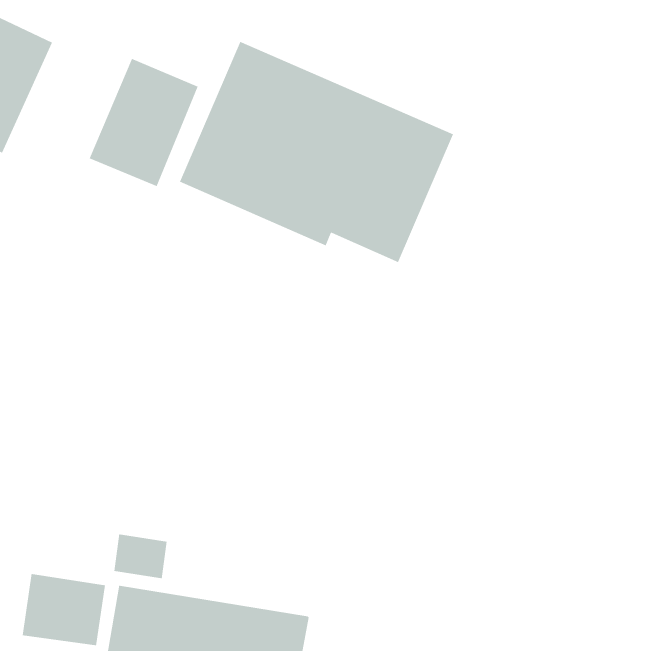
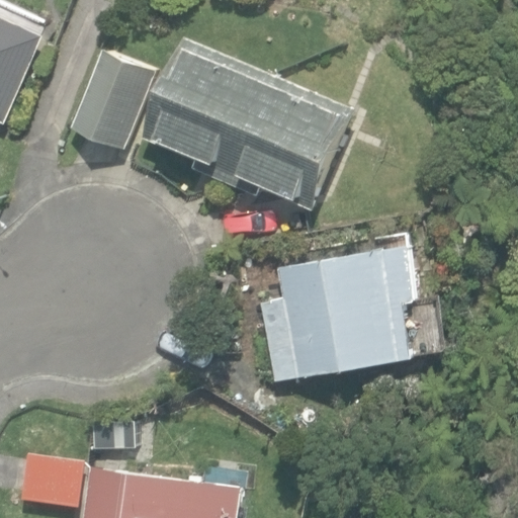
building: none -> [257,239,416,373]

